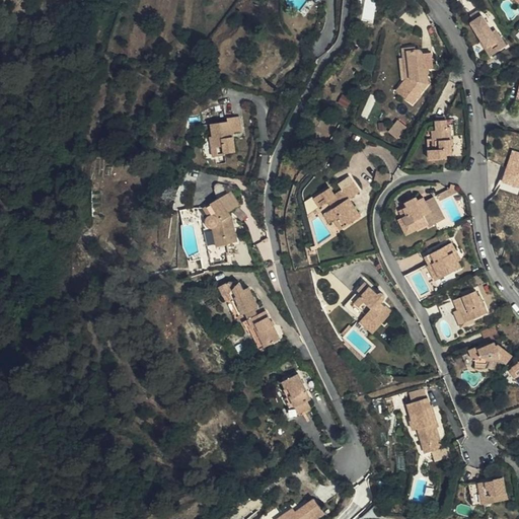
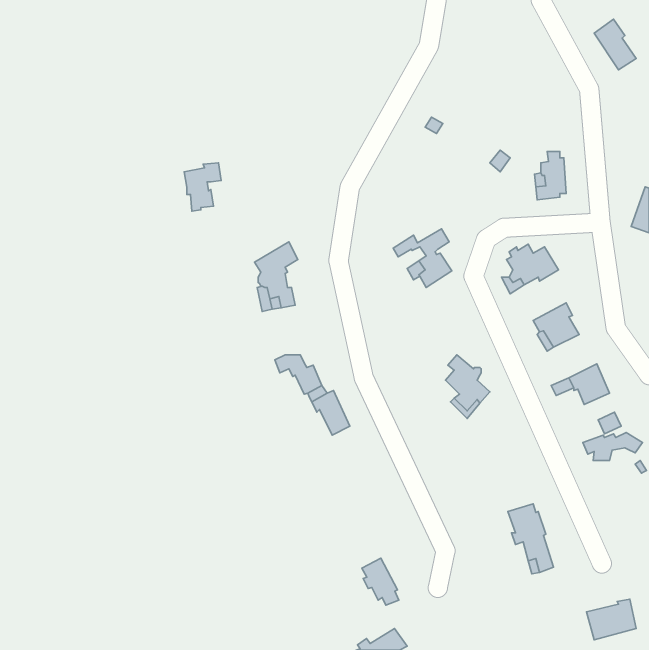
building: [398,46,435,101] -> none
building: [210,119,239,157] -> [184,163,221,211]
building: [282,375,311,413] -> [362,558,399,605]

